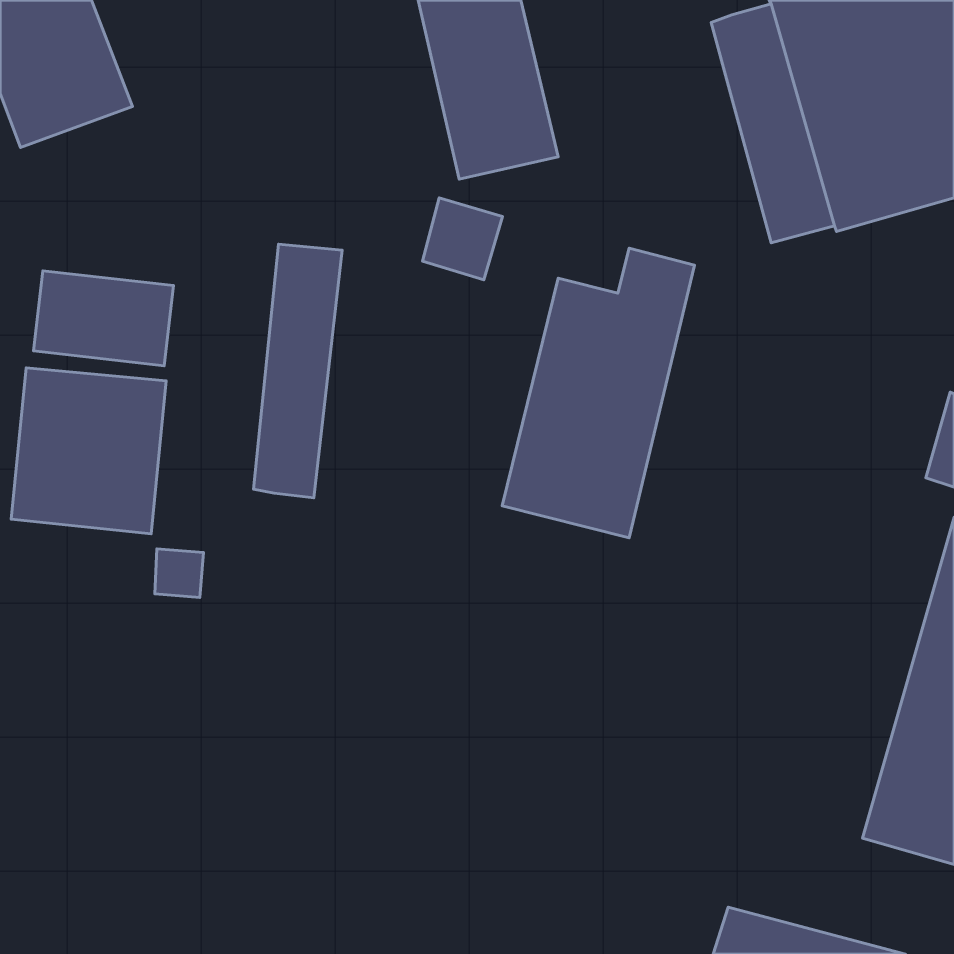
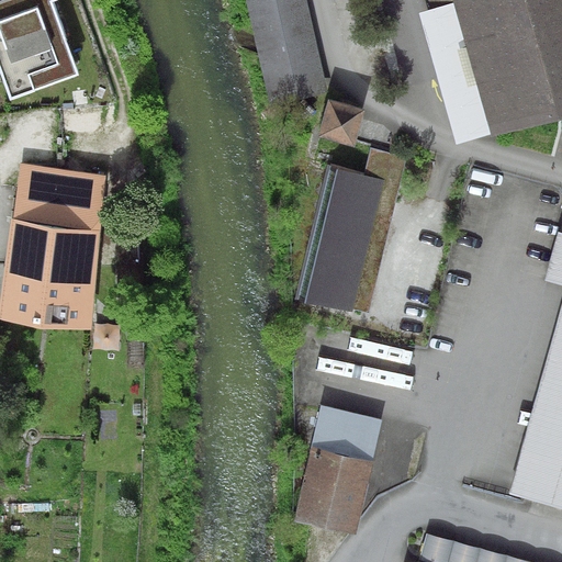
building: [422,198,503,280] -> [318,99,366,147]
building: [253,244,342,498] -> none
building: none -> [297,406,383,536]

